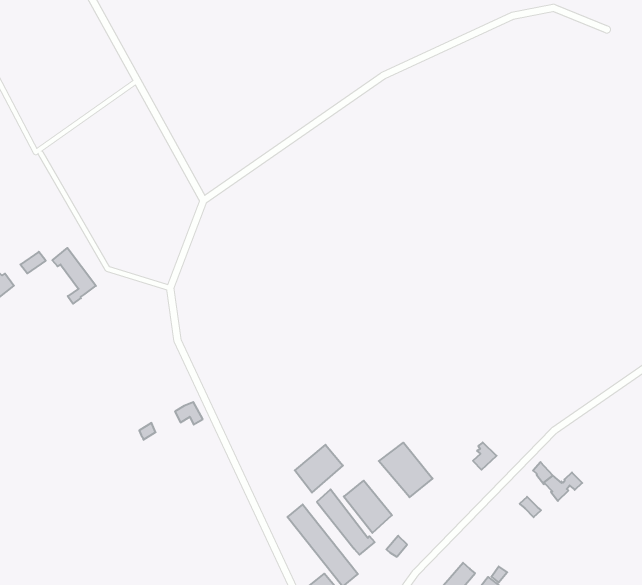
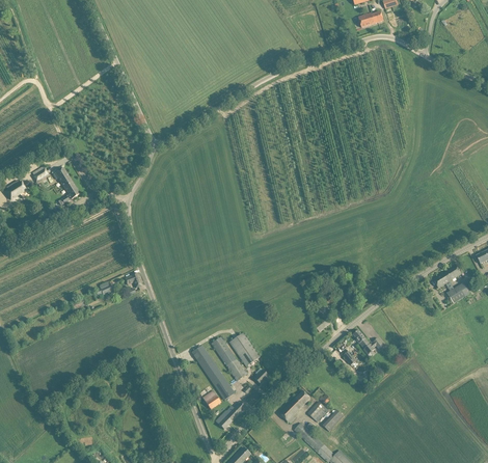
building: [379,443,433,497] -> none
building: [295,445,343,493] -> none

